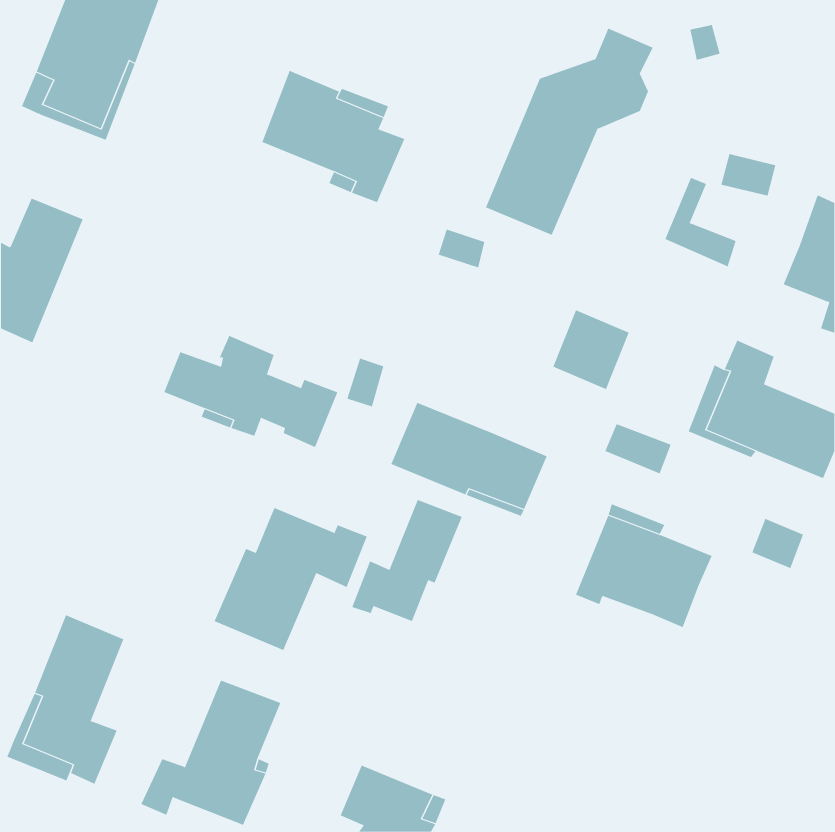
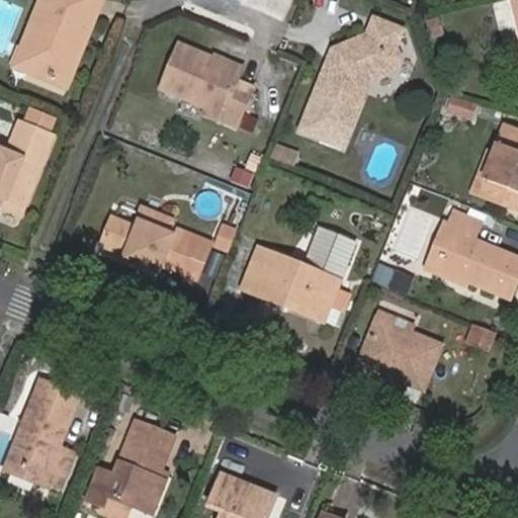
building: [664,177,736,267] -> [468,148,513,203]
building: [553,310,629,390] -> [306,233,353,282]
building: [352,499,462,622] -> none
building: [214,507,368,651] -> none

